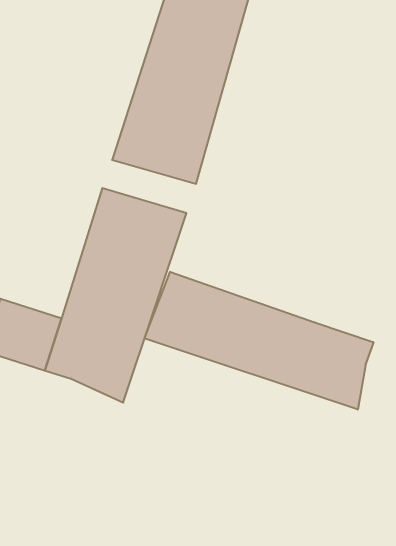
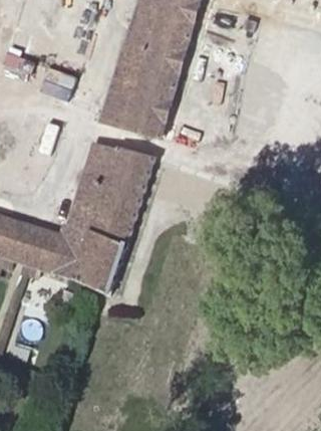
building: [145,272,373,410] -> none

